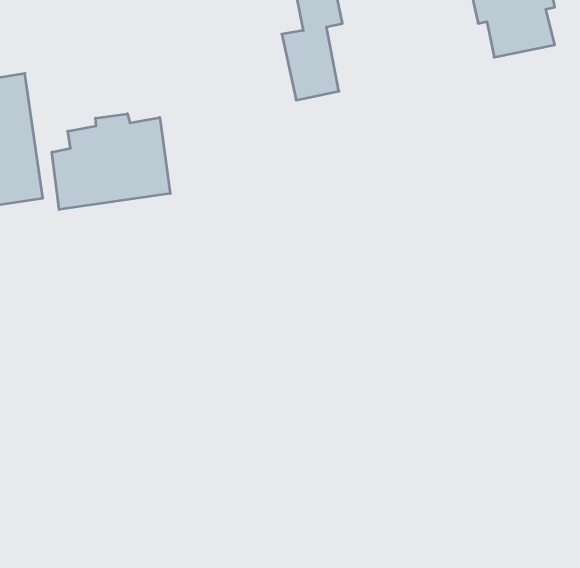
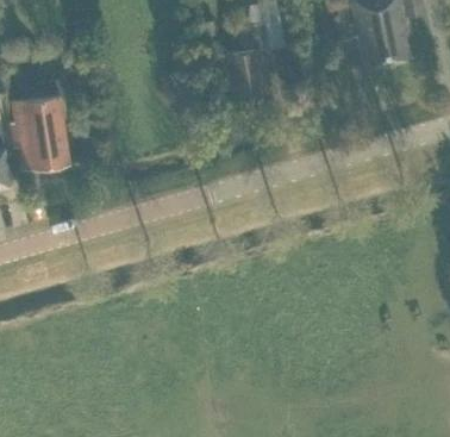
building: [52,114,170,210] -> none

